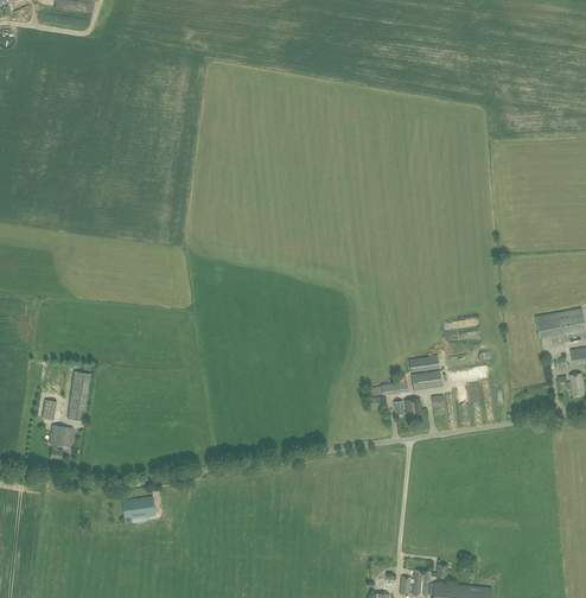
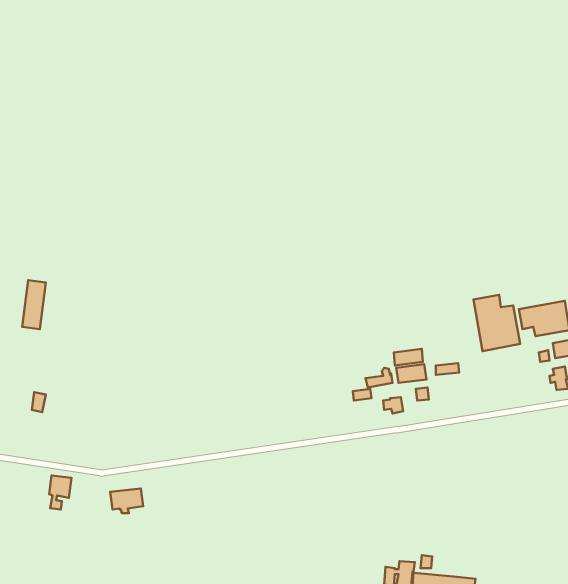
building: none -> [473,295,520,351]
building: [66,371,90,421] -> [22,280,46,329]
building: [49,425,71,459] -> [49,475,71,509]

